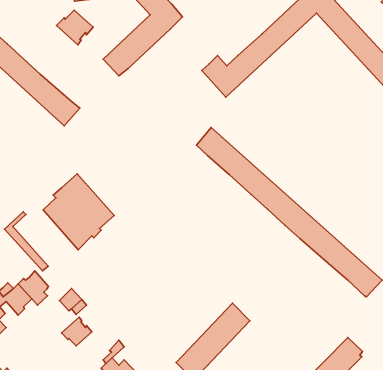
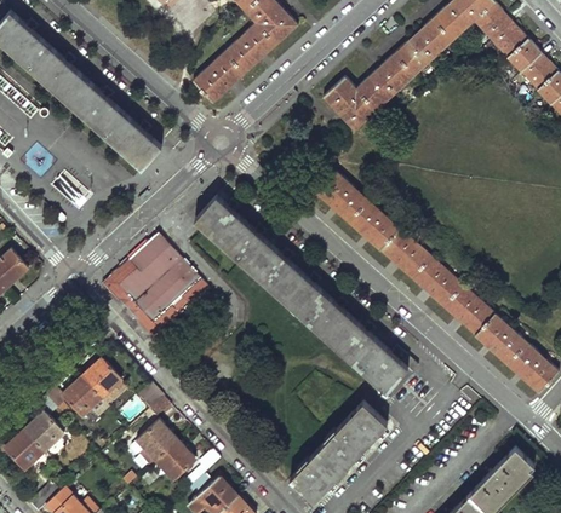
building: [56,10,93,45] -> none
building: none -> [195,196,417,391]
building: [5,212,48,271] -> [103,260,160,338]
building: none -> [158,439,195,480]

